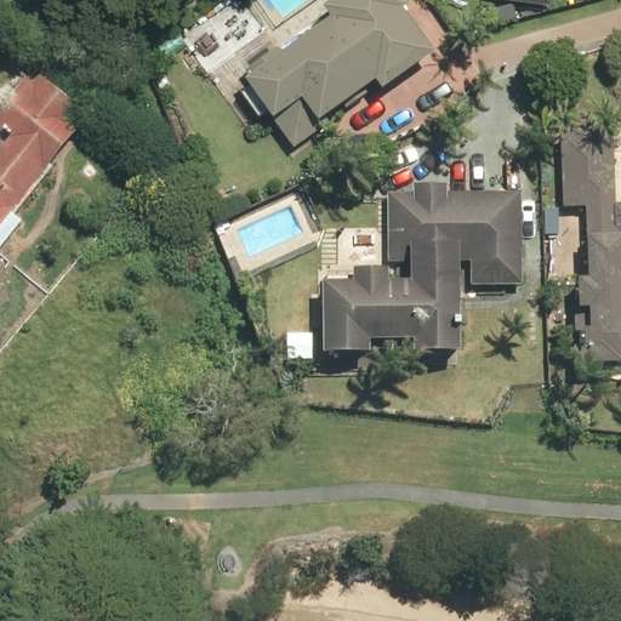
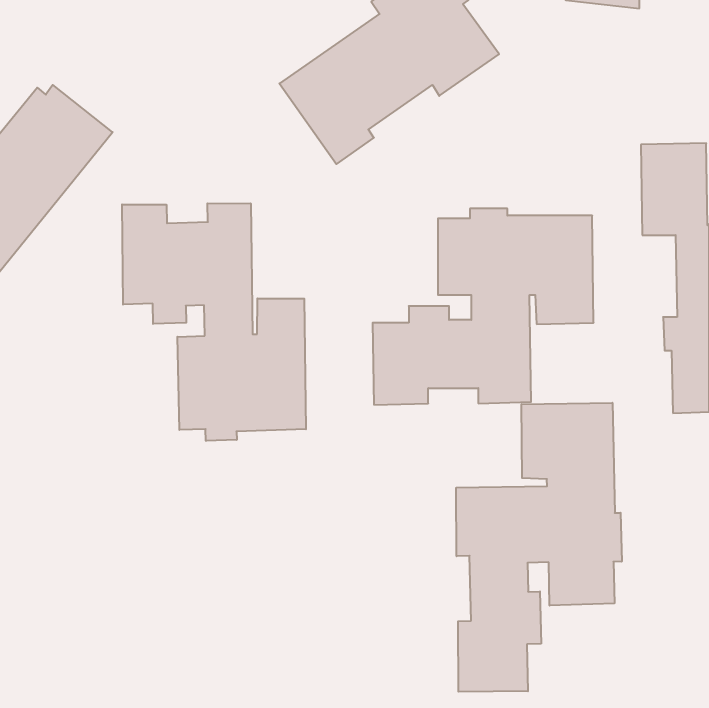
building: none -> [122,203,306,441]
building: none -> [456,403,622,692]

